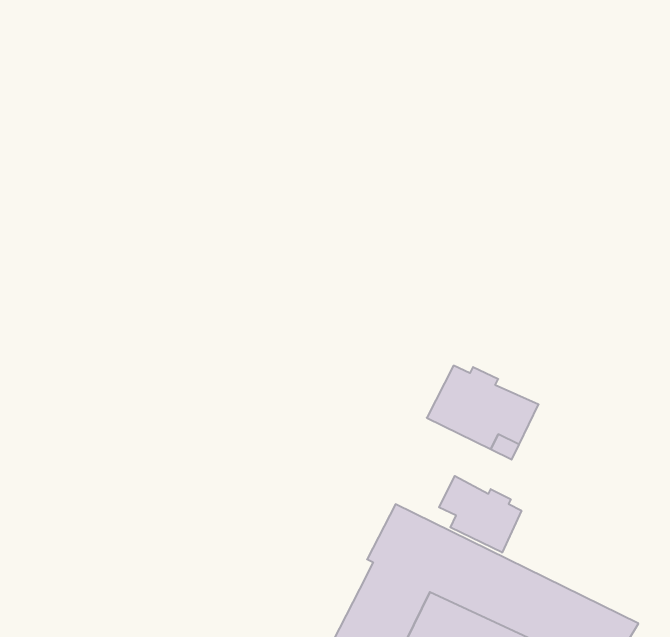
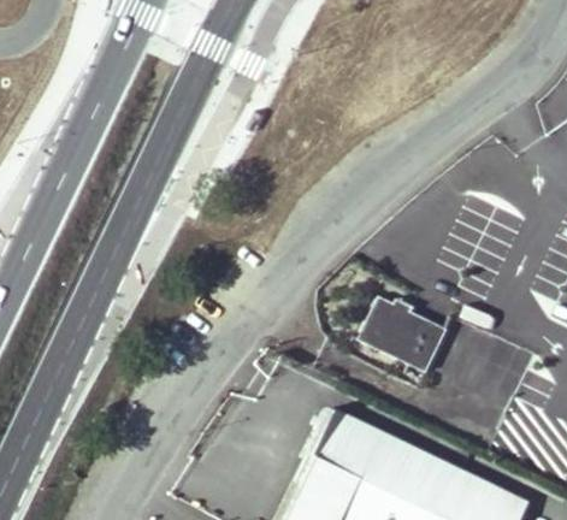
building: [439,476,521,553] -> none

